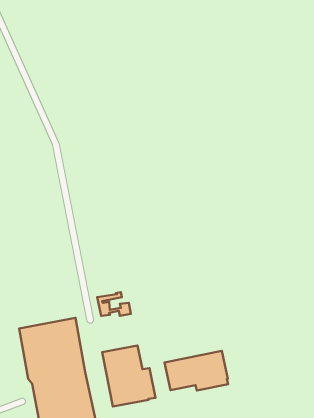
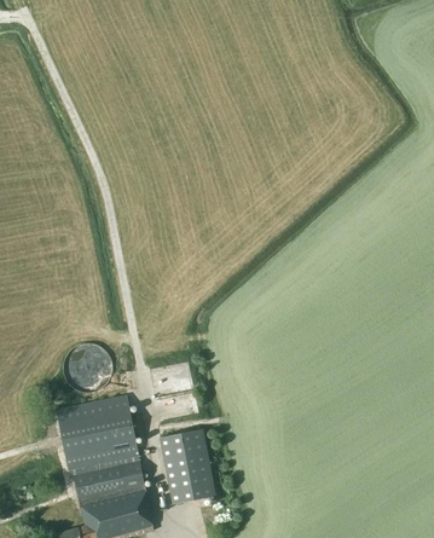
building: none -> [62,342,111,392]
building: [165,351,228,391] -> none

